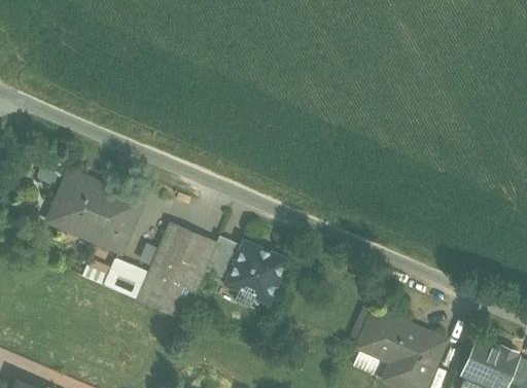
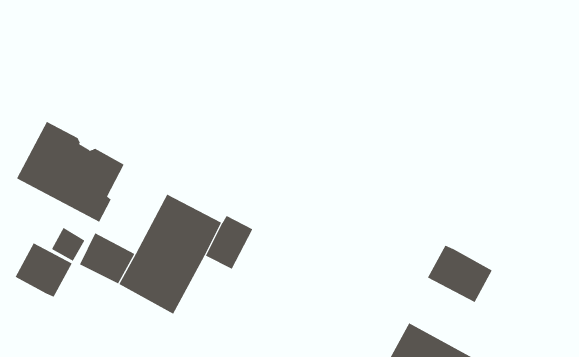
building: [226,242,286,308] -> none
building: none -> [427,245,493,303]
building: none -> [15,243,73,298]

